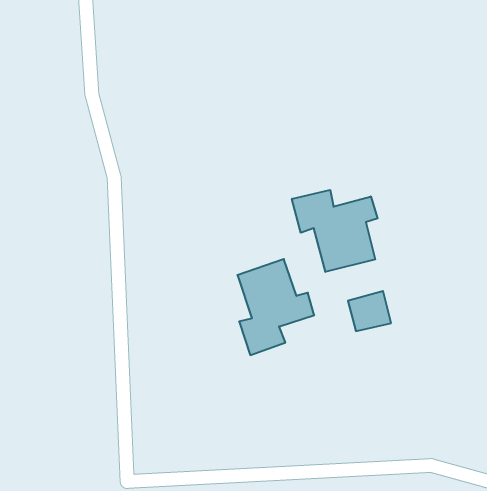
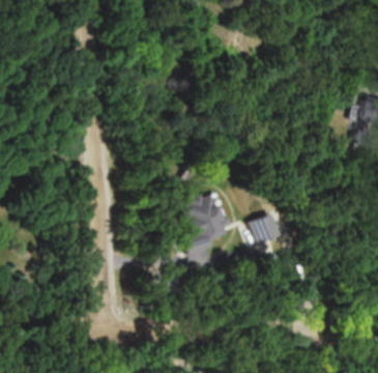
building: [292,190,378,272] -> none

